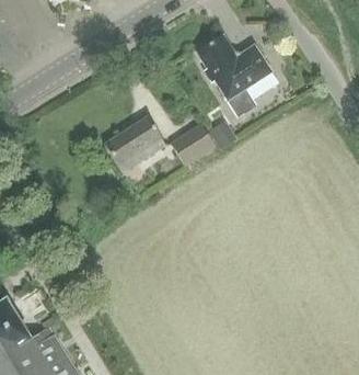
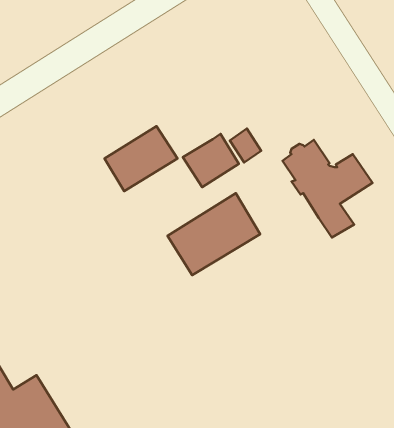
building: [198,35,274,117] -> [282,140,372,238]
building: none -> [167,193,260,275]

